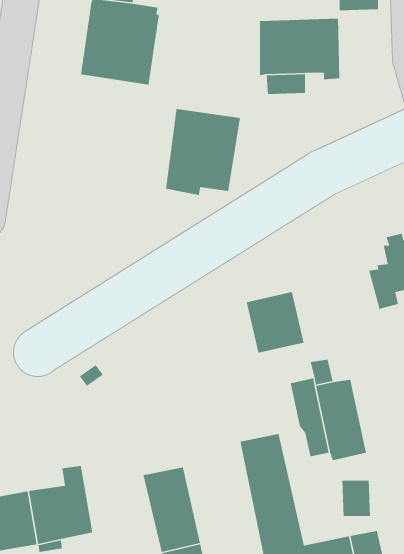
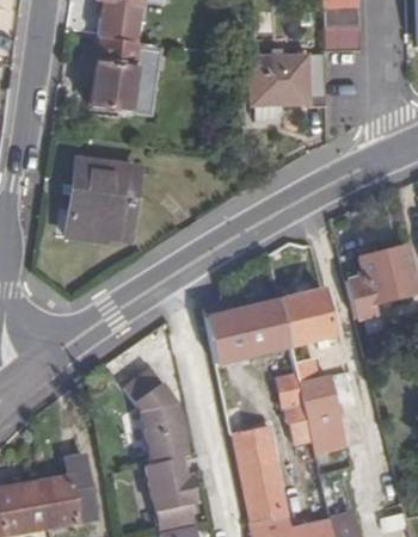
building: [165,108,241,196] -> [68,159,136,237]
building: none -> [279,290,334,346]
building: none -> [207,309,248,363]
building: none -> [124,368,188,463]

